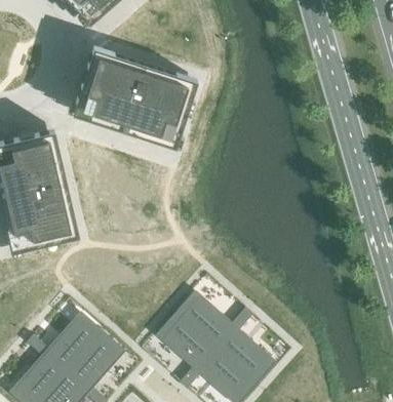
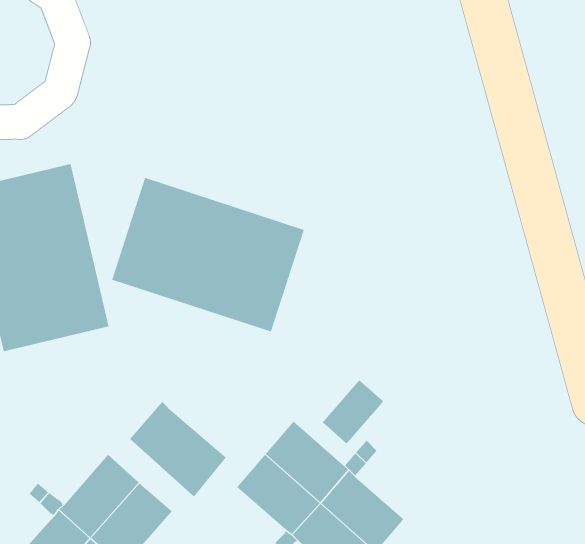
building: [71,45,196,146] -> [111,177,305,333]
building: none -> [322,379,384,445]
building: none -> [129,401,227,497]

